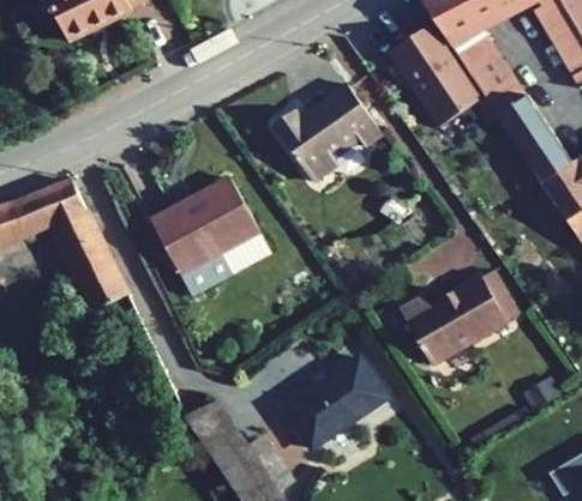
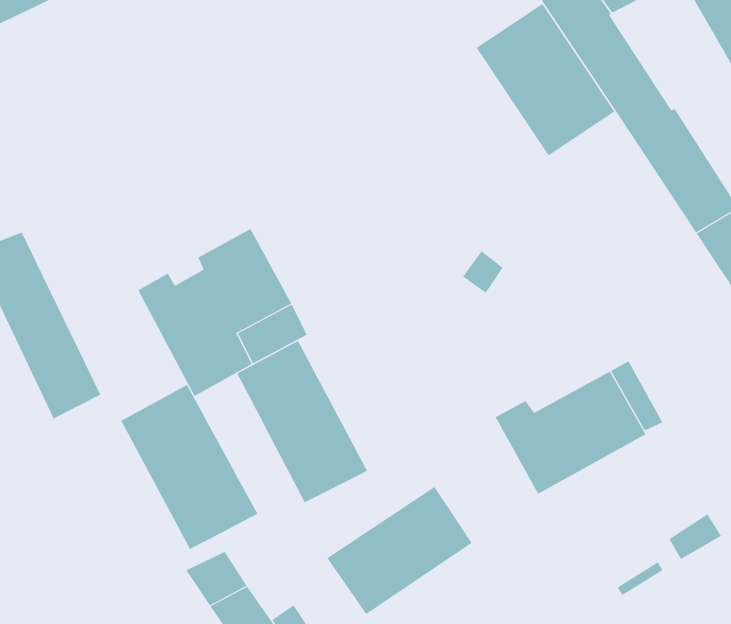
building: [275,84,383,181] -> none
building: none -> [236,340,368,503]
building: none -> [121,384,258,550]

